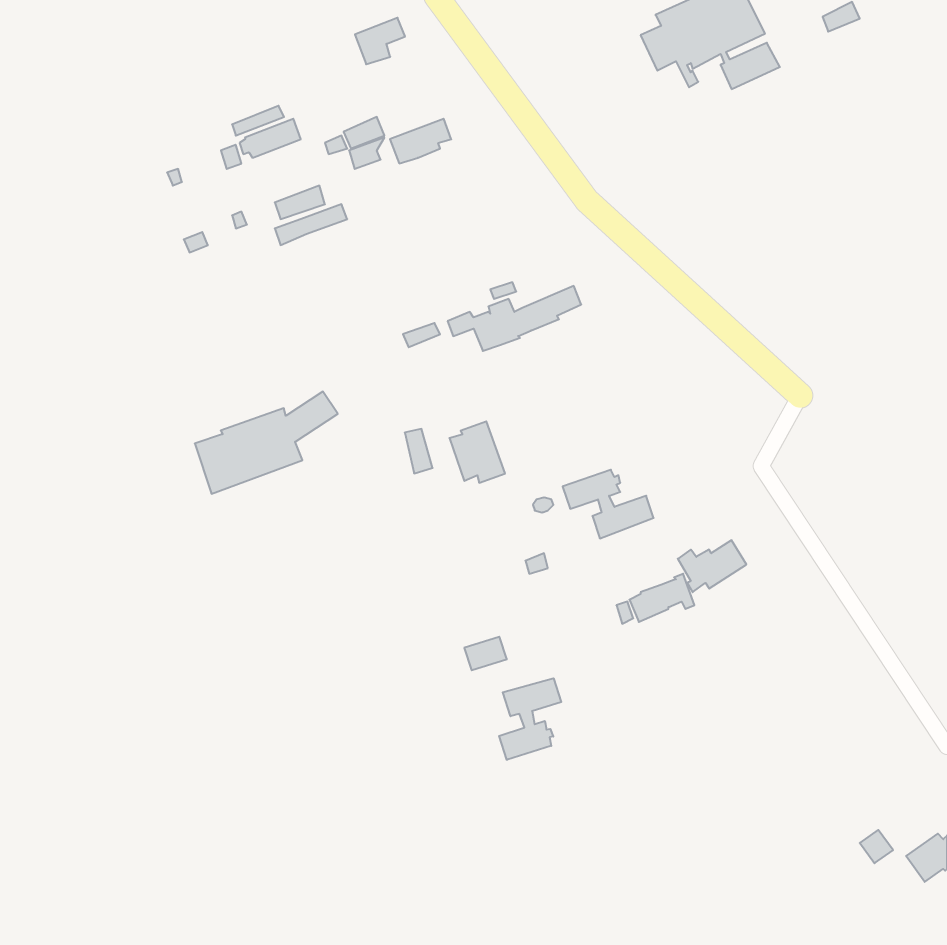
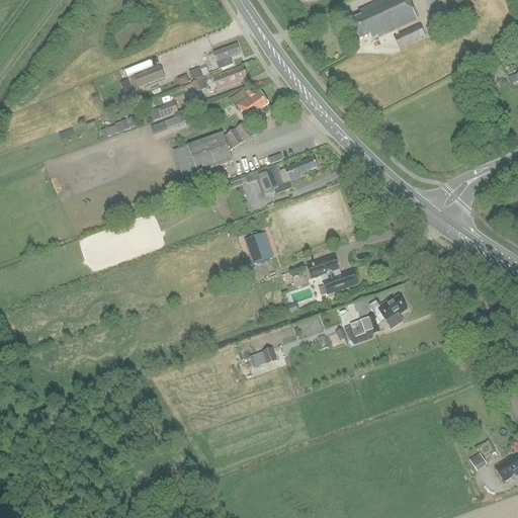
building: [355,18,405,64] -> [212,42,240,68]
building: none -> [237,88,268,119]
building: [195,392,338,494] -> [173,122,251,178]
building: [499,678,561,760] -> none

